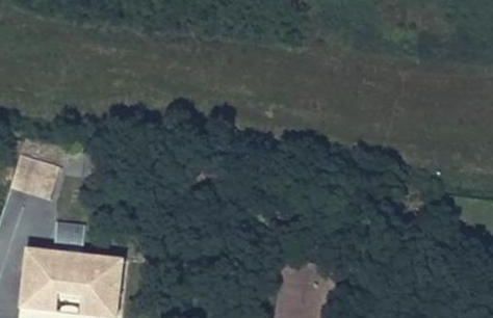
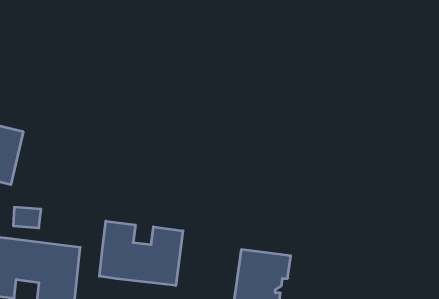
building: none -> [99,221,183,286]

